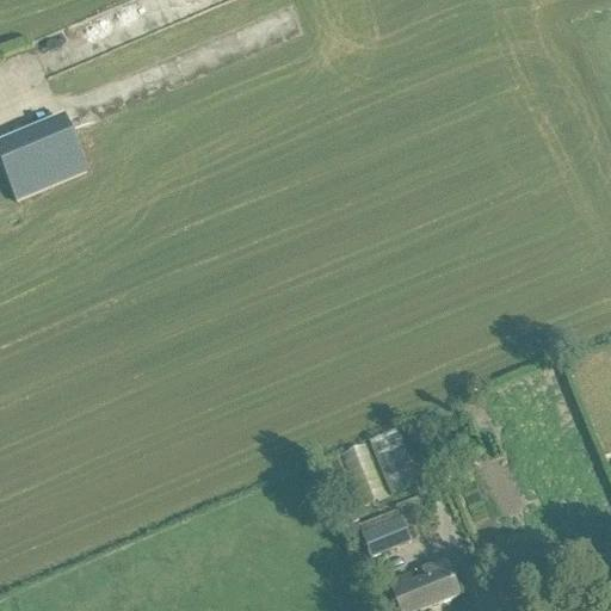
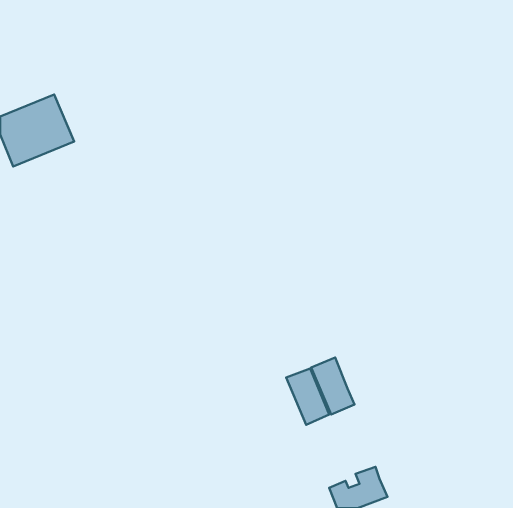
building: [364,516,412,554] -> none

